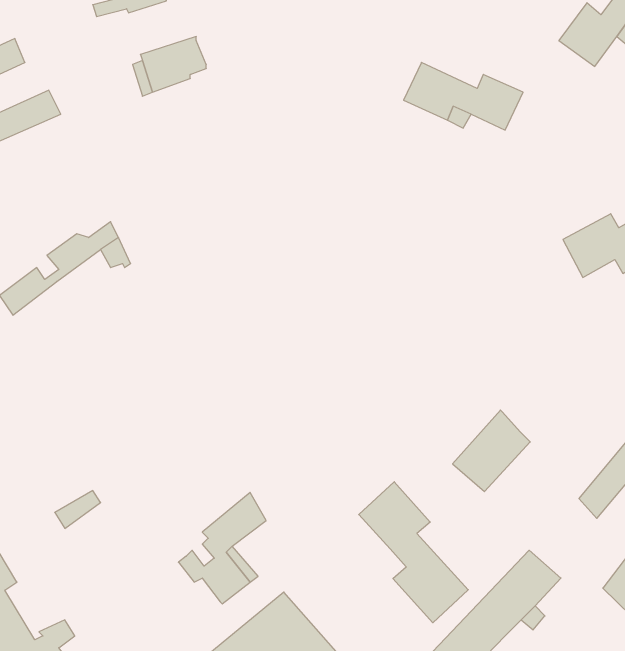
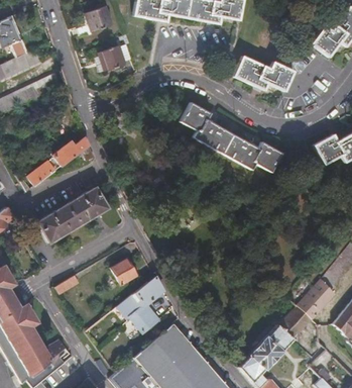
building: none -> [180,104,281,172]
building: none -> [37,185,113,241]
building: [453,410,530,492] -> [297,276,336,317]
building: none -> [111,258,137,284]
building: [359,482,468,623] -> none

